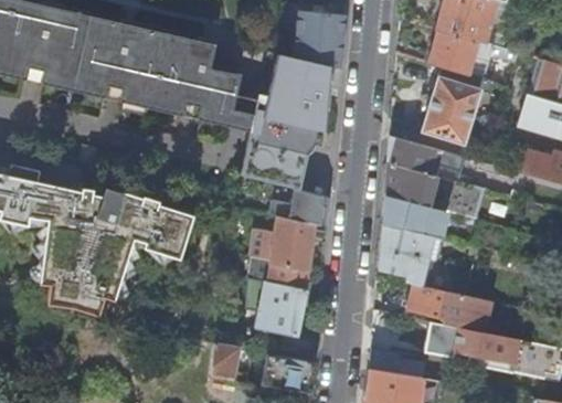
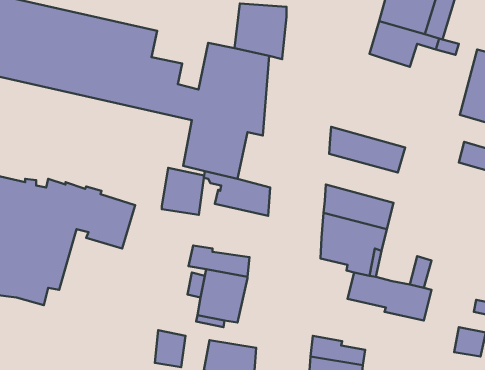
building: [423,66,509,142] -> none
building: [385,163,486,219] -> none
building: [271,221,314,268] -> [162,168,204,215]
building: [437,322,507,359] -> none

